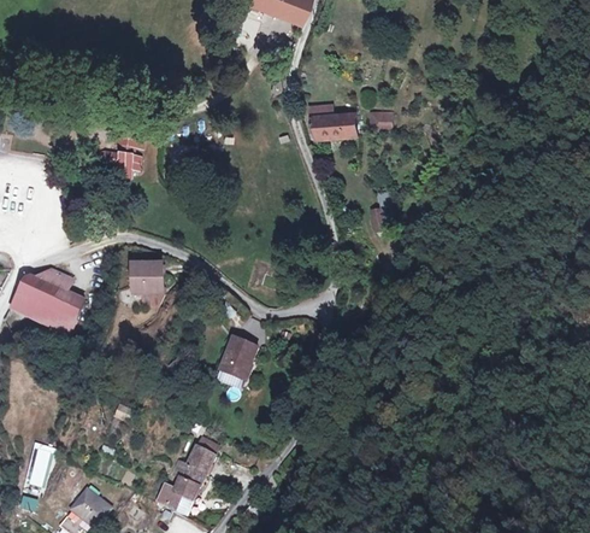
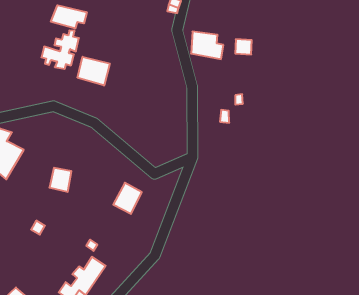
building: none -> [51,5,87,29]
building: none -> [78,57,110,86]
building: [135,264,164,297] -> [49,168,71,192]

